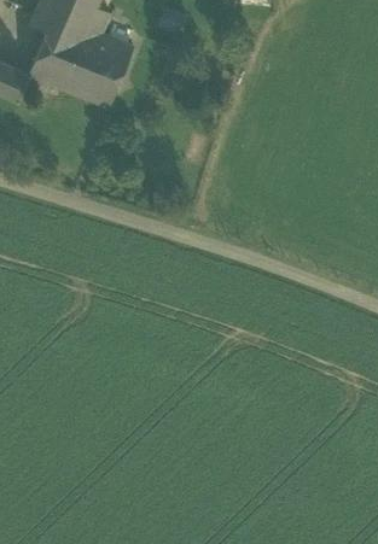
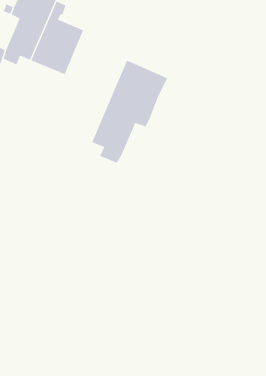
building: none -> [91,60,168,164]

